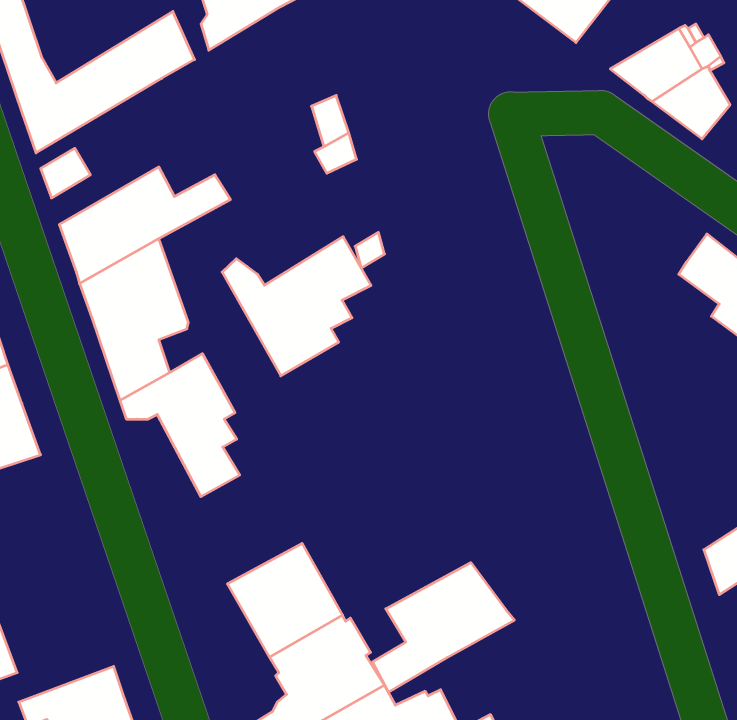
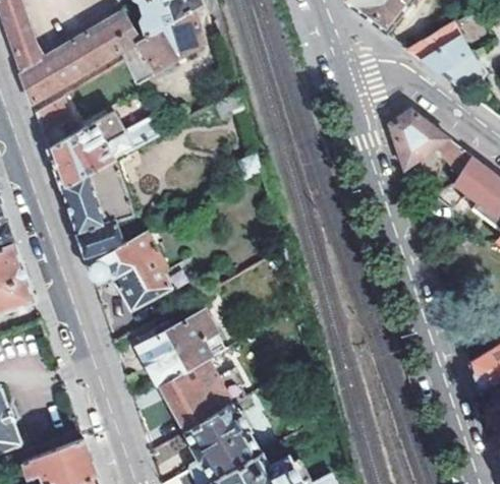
building: none -> [114,8,203,87]
building: none -> [388,110,470,175]
building: [222,237,371,376] -> none
building: none -> [136,310,224,385]
building: [373,563,514,692] -> none

